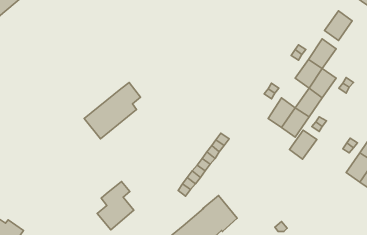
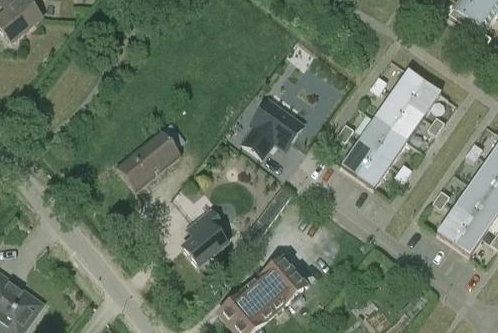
building: [324,11,352,40] -> [407,80,441,116]
building: none -> [242,98,303,156]
building: none -> [357,116,391,152]
building: [290,130,317,159] -> none
building: [97,182,134,230] -> [182,207,227,266]

